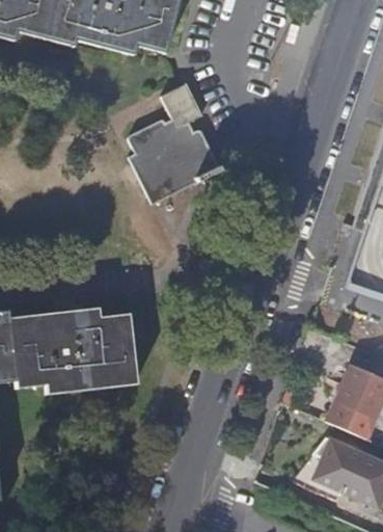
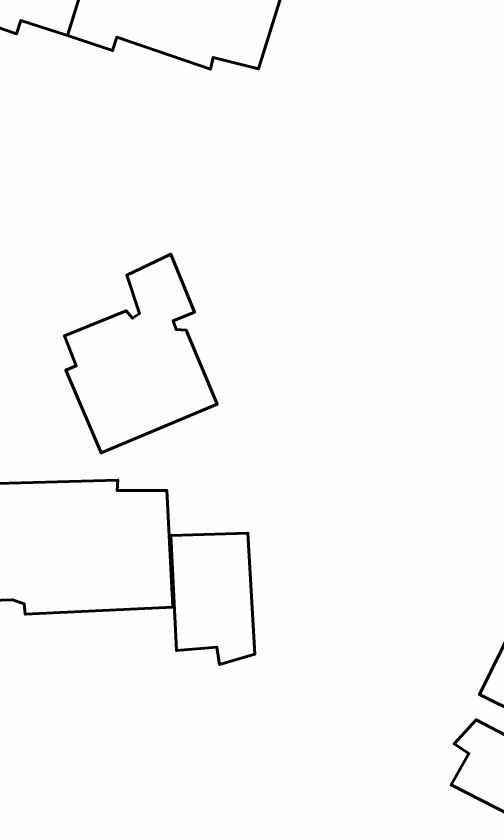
building: [127,83,222,207] -> [65,254,217,453]
building: none -> [171,533,255,664]

